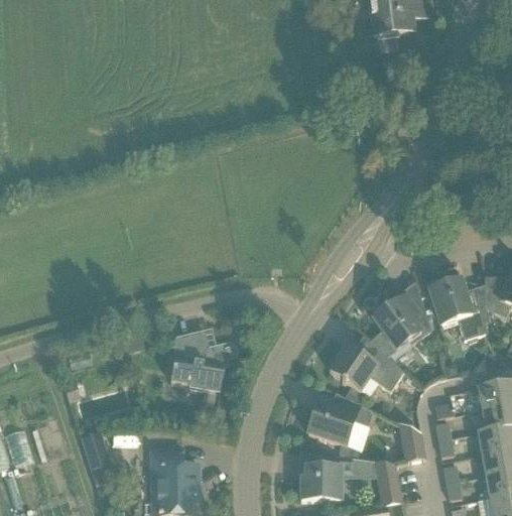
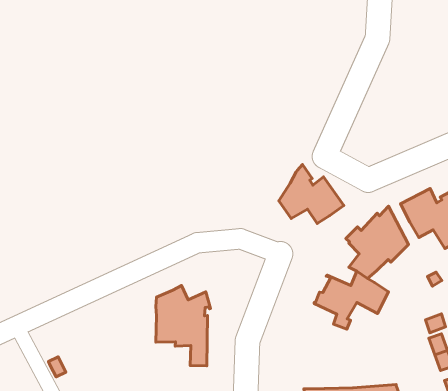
building: none -> [279,164,344,223]
building: [307,395,373,444] -> none
building: [397,420,425,460] -> none

